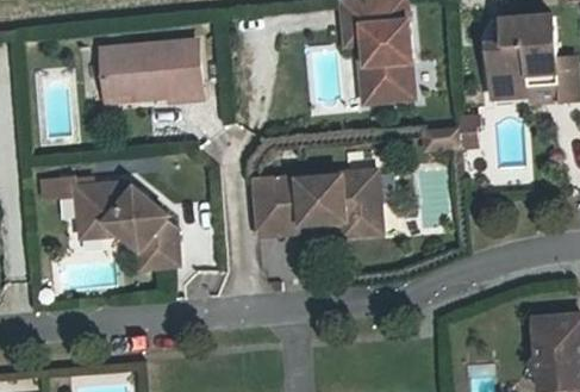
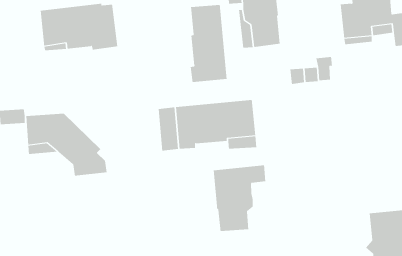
building: none -> [190,4,227,83]
building: none -> [213,165,266,232]

